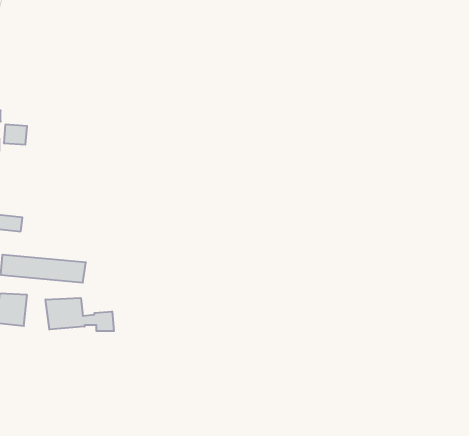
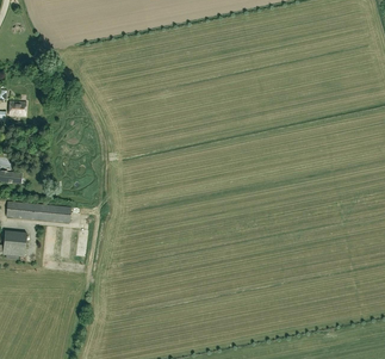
building: [46,298,114,331] -> none

